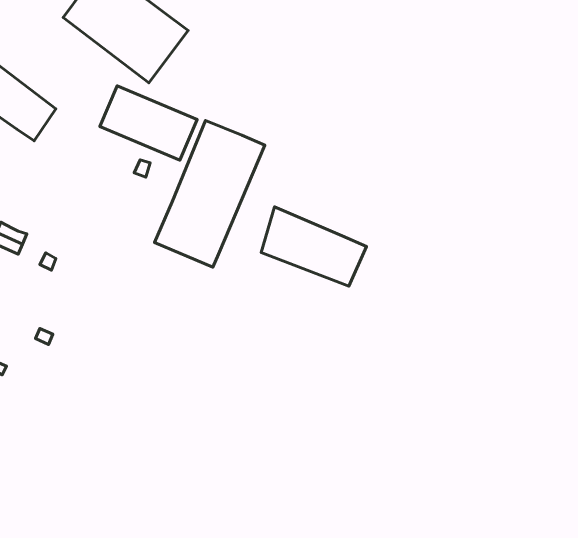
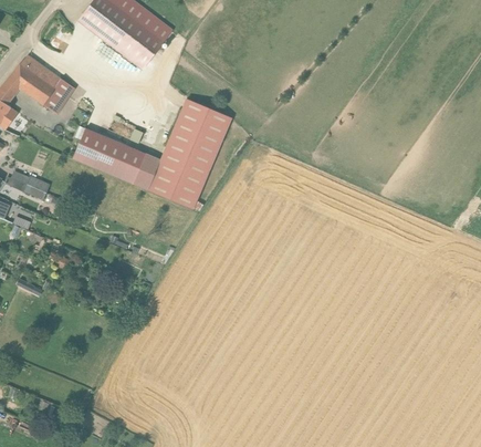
building: [100,86,197,160] -> [72,128,146,185]
building: [261,207,366,286] -> none

